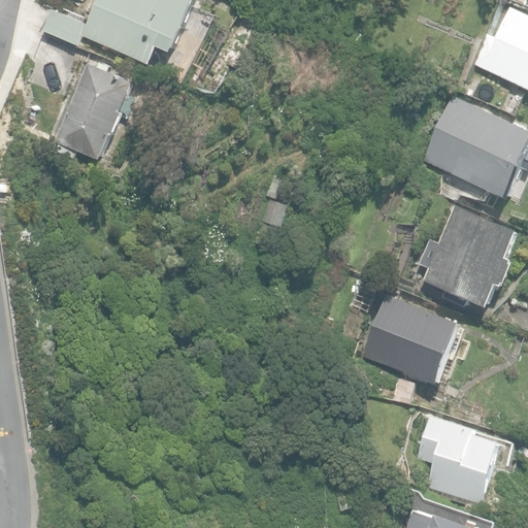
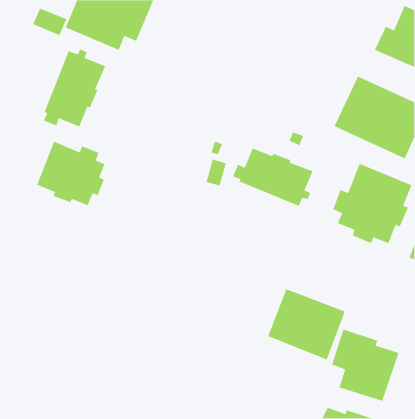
building: none -> [36,141,106,206]
building: none -> [232,147,313,207]
building: [362,294,461,385] -> [267,288,346,360]

